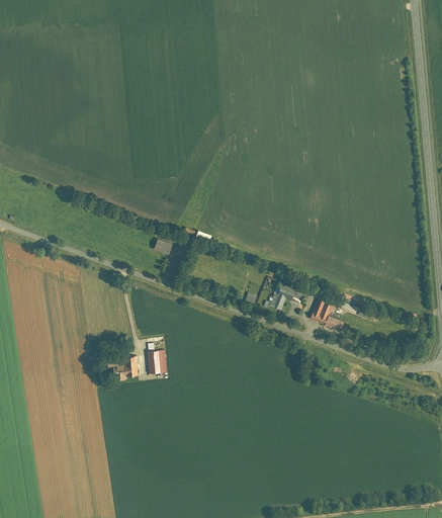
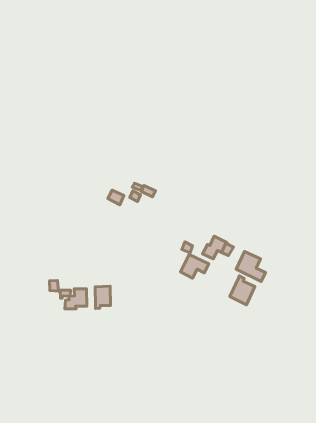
building: none -> [180,254,209,278]
building: none -> [230,276,255,305]

